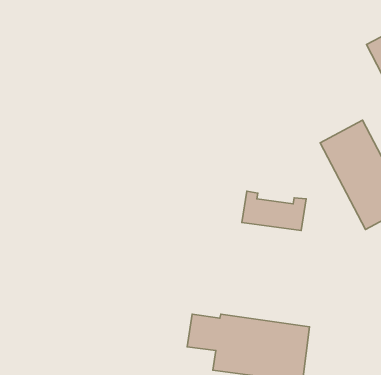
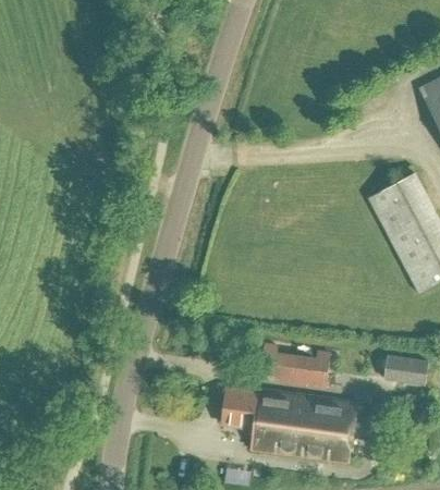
building: [242,191,306,230] -> [260,343,331,387]
building: none -> [384,354,428,384]

